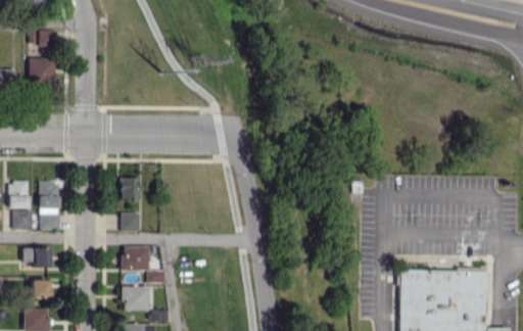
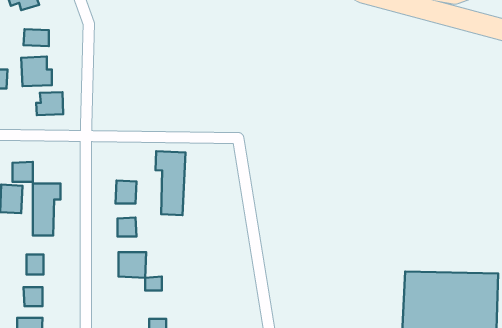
building: none -> [36,92,63,115]
building: none -> [155,151,185,215]
building: [13,210,33,230] -> [13,162,33,182]
building: [123,286,149,311] -> none

